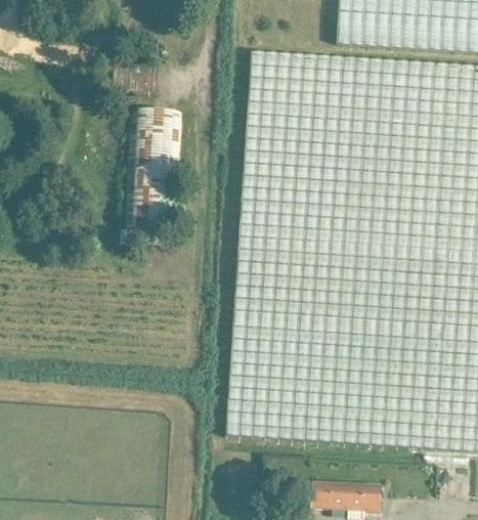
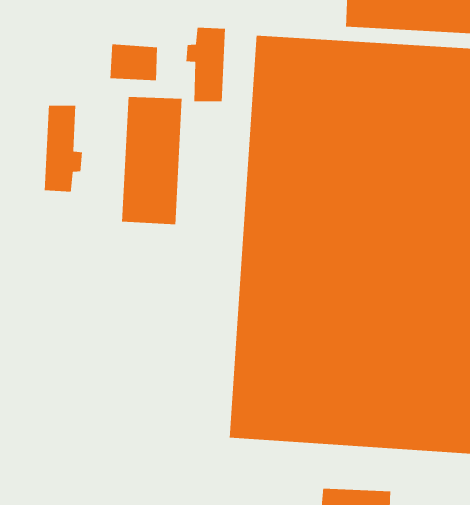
building: none -> [185,27,226,102]
building: none -> [44,105,83,193]

